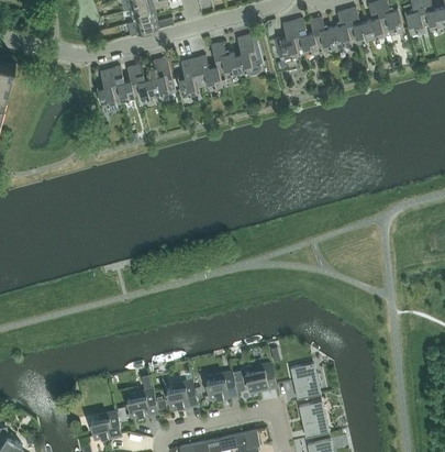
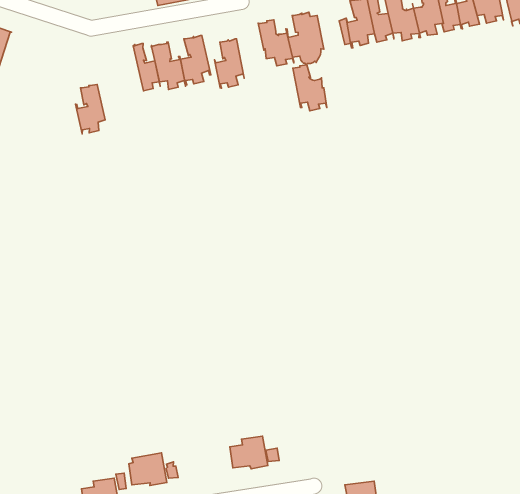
building: [193,55,222,91] -> [293,65,327,111]
building: [96,68,120,108] -> [75,85,105,134]
building: [245,363,276,389] -> none
building: [290,364,321,400] -> none
building: [166,381,197,407] -> none

